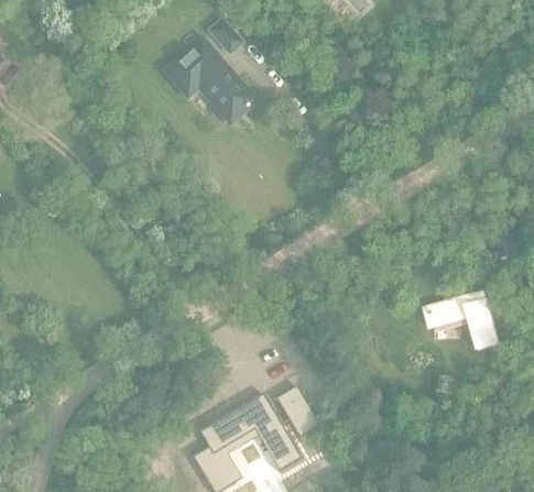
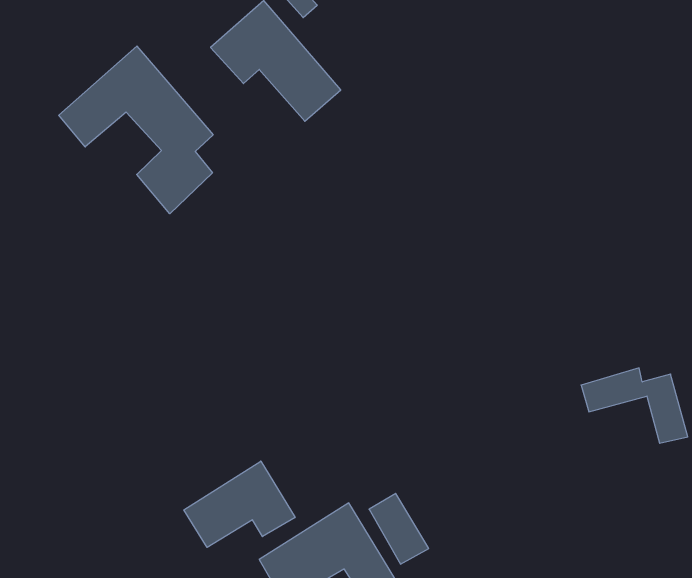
building: none -> [59,46,213,214]
building: none -> [184,461,295,547]

